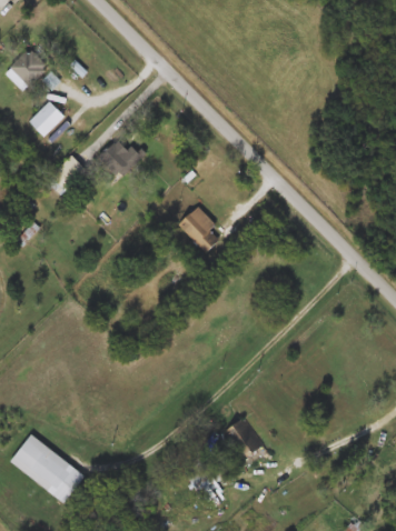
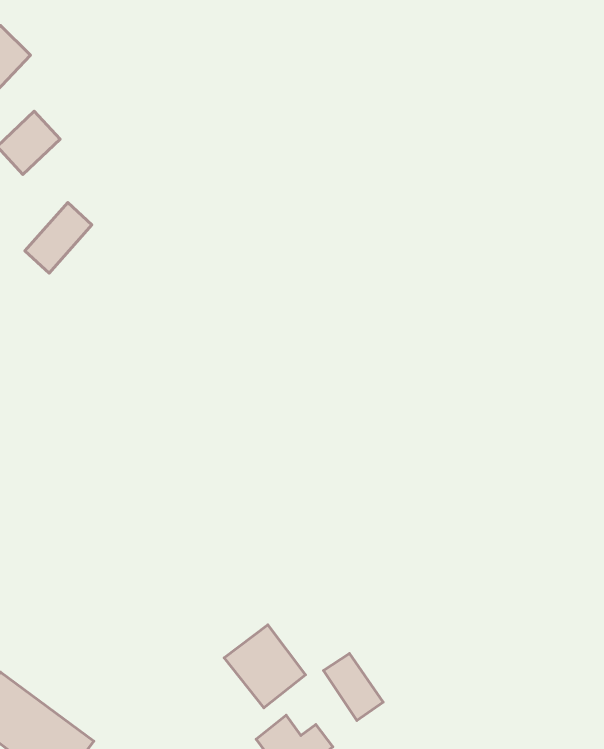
building: [99,138,141,179] -> none
building: [179,207,217,256] -> none
building: none -> [224,625,305,708]

